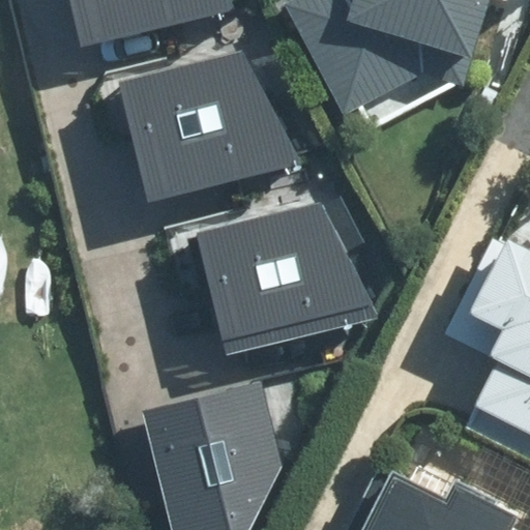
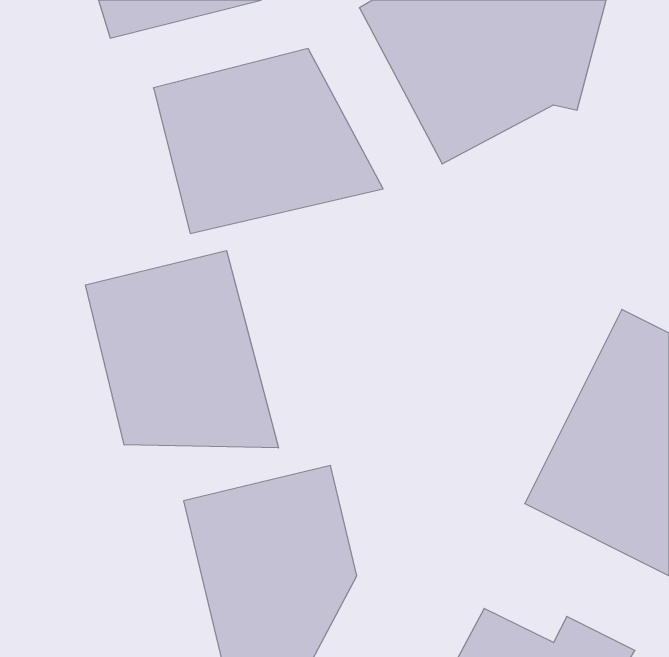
building: [201,189,392,351] -> none
building: none -> [86,251,278,448]

